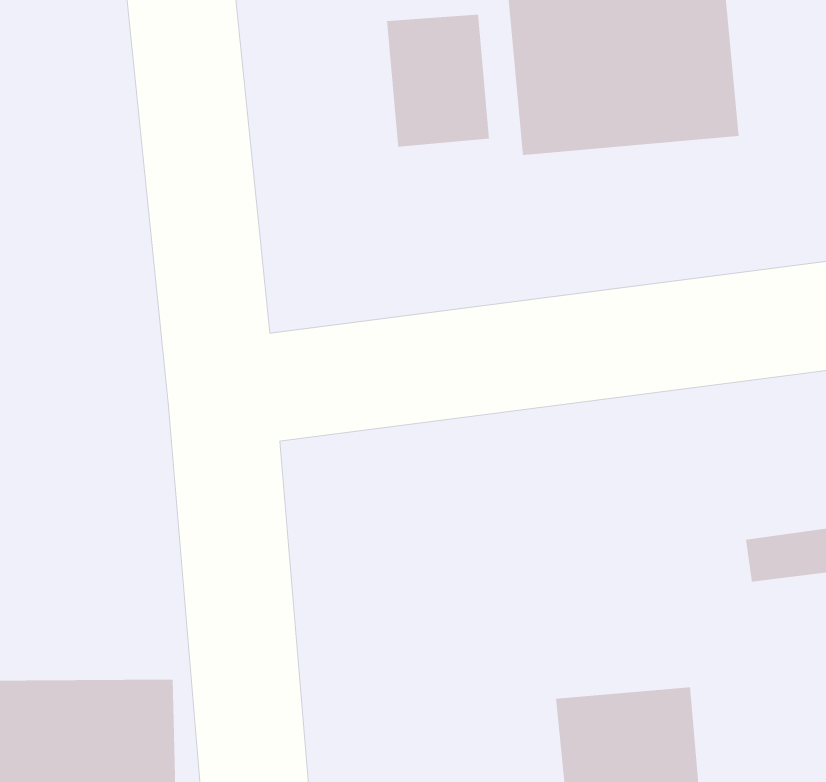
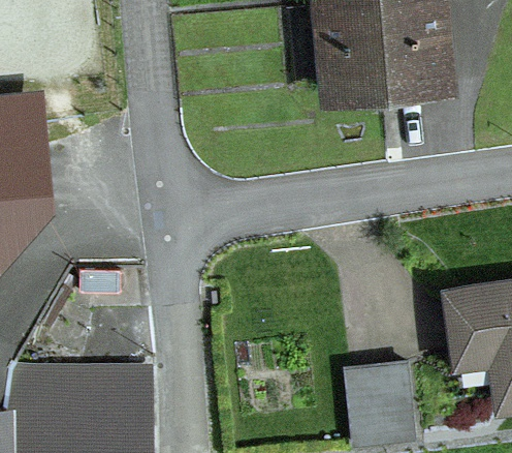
building: [386,14,489,148] -> none

